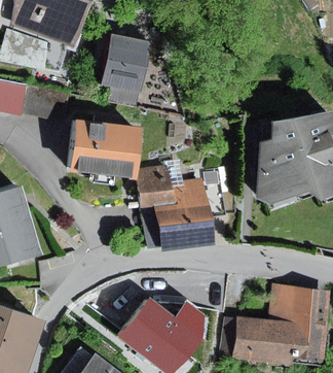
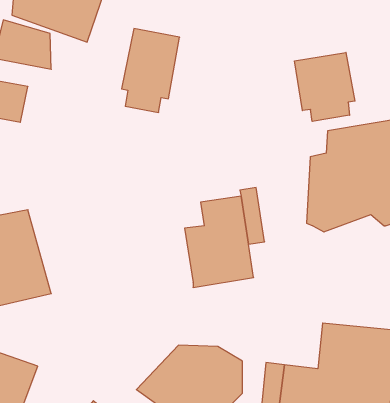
building: none -> [295,52,355,121]
building: [63,114,134,178] -> none
building: [134,163,173,250] -> none

